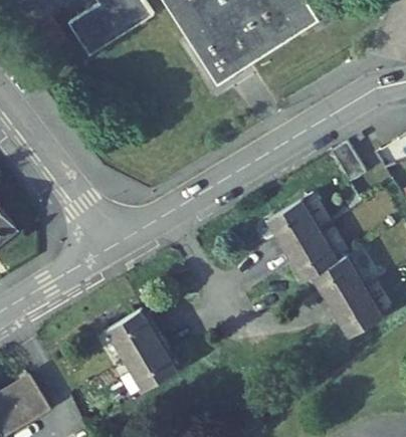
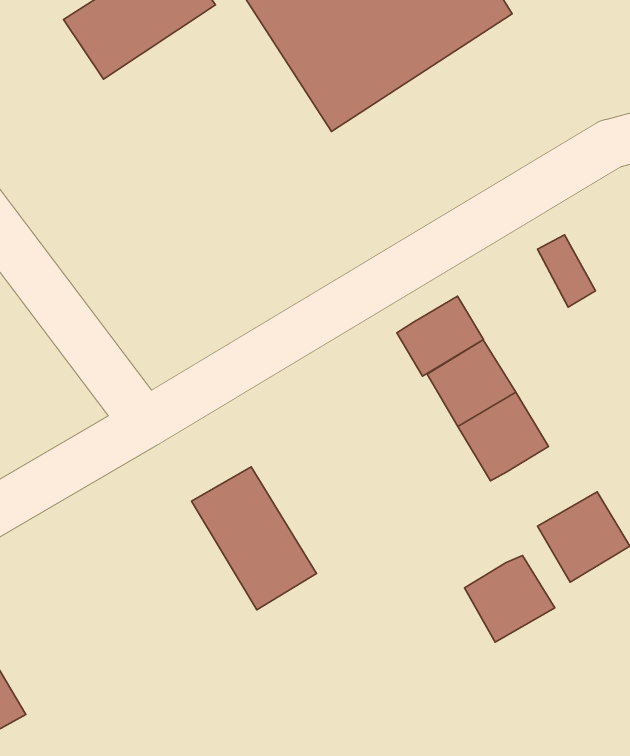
building: none -> [397,296,483,376]
building: [315,255,365,303] -> [465,555,555,642]
building: [108,308,177,388] -> [192,467,316,610]

